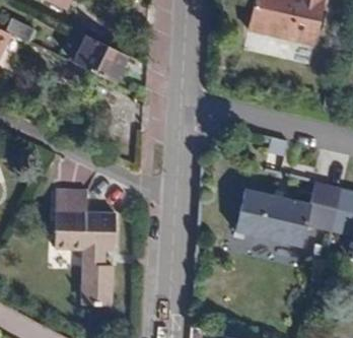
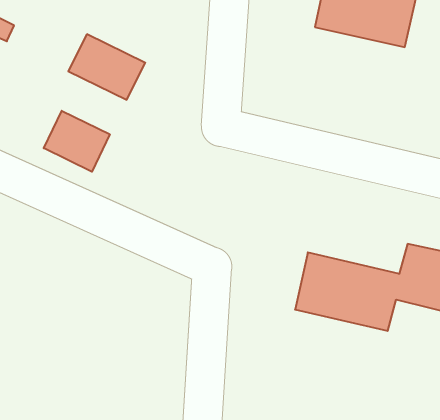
building: none -> [44,111,110,172]
building: [55,189,116,305] -> none

